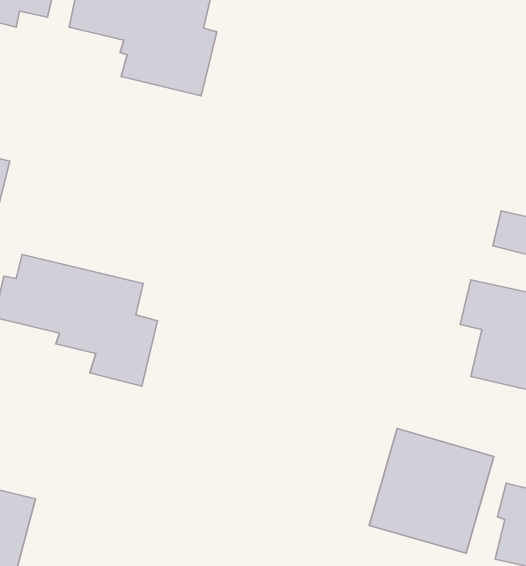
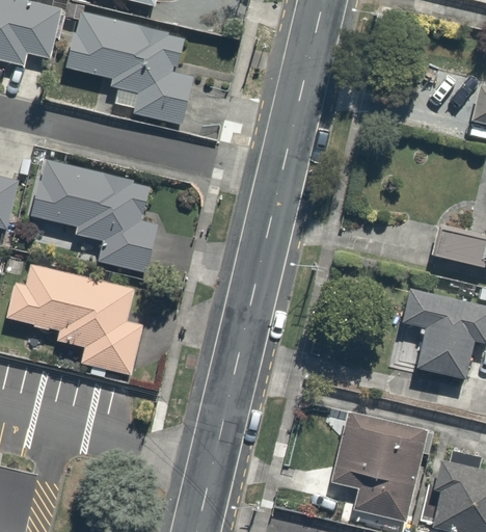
building: none -> [29,157,166,273]

